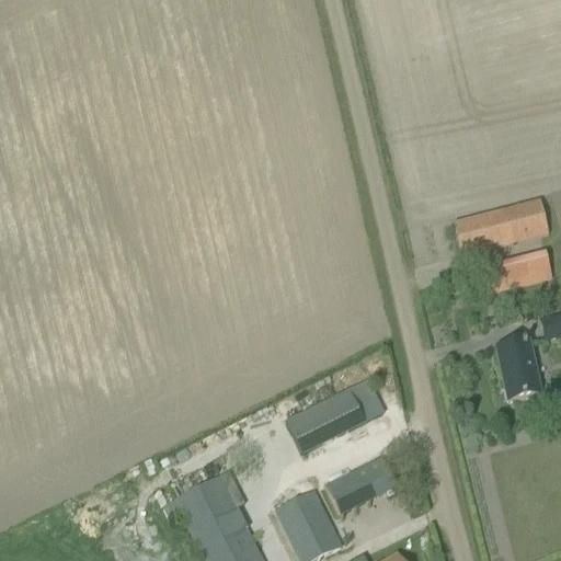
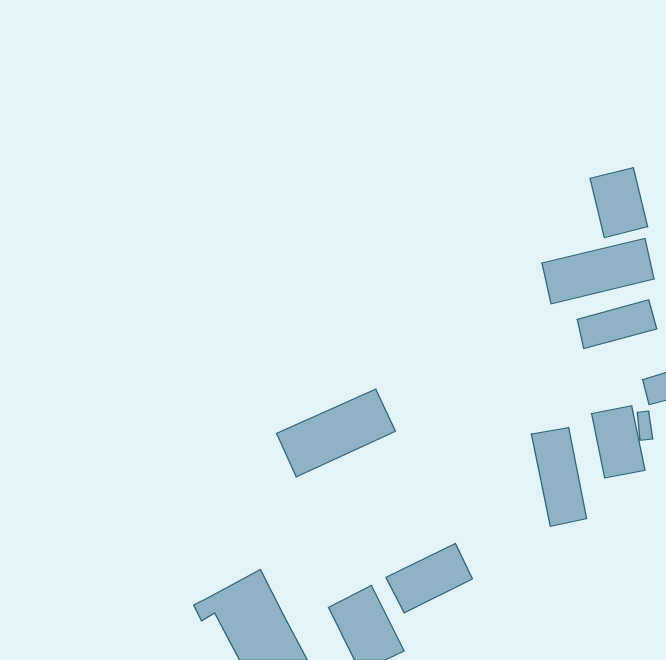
building: none -> [590,167,648,238]
building: none -> [532,427,586,526]
building: [286,378,386,451] -> [276,389,395,477]

